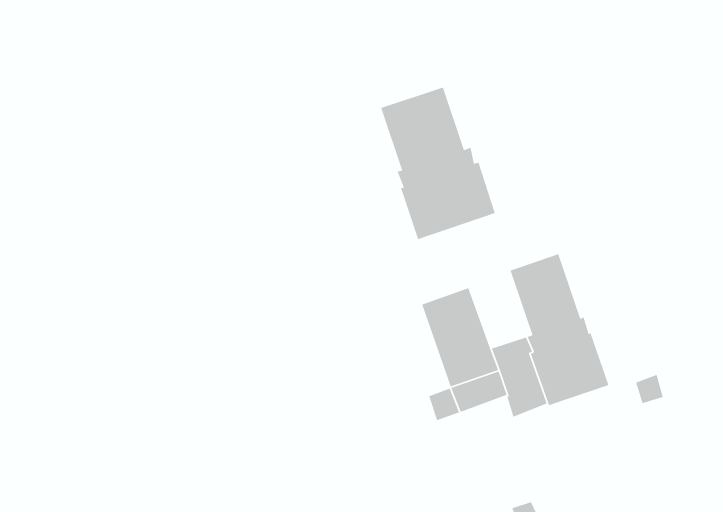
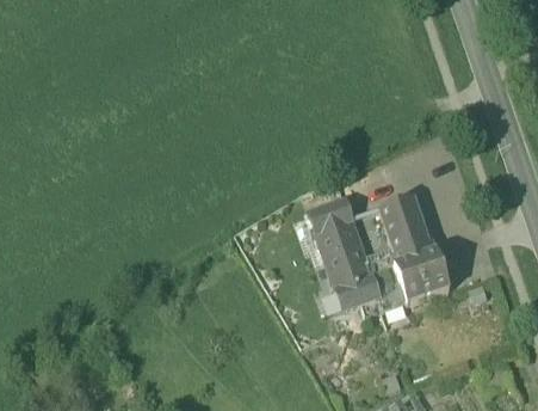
building: [380,86,496,240] -> none
building: none -> [309,204,351,234]

